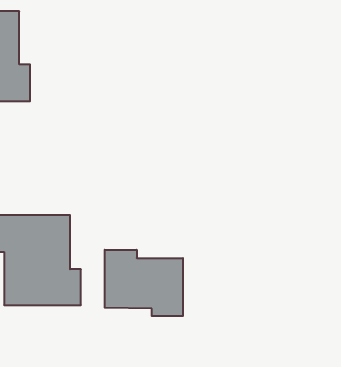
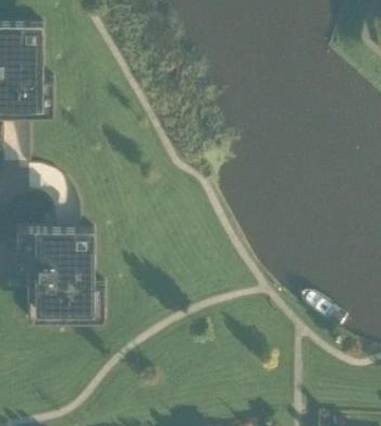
building: [105,250,183,316] -> none

